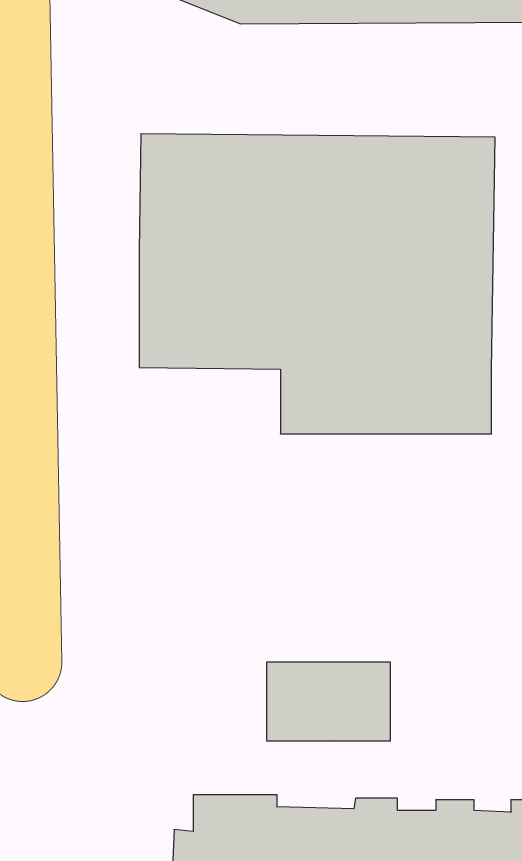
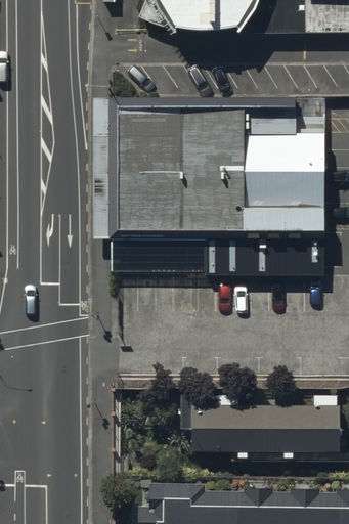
building: none -> [266,405,338,452]

